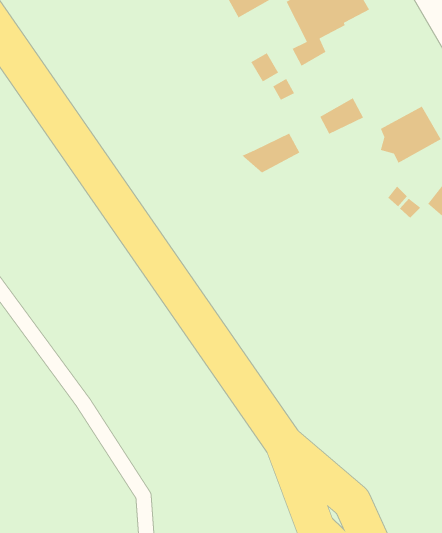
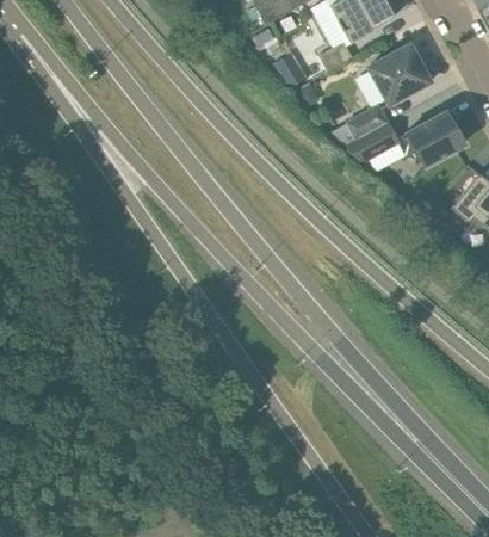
building: none -> [367,43,432,105]
building: [241,132,301,174] -> [342,122,401,162]

